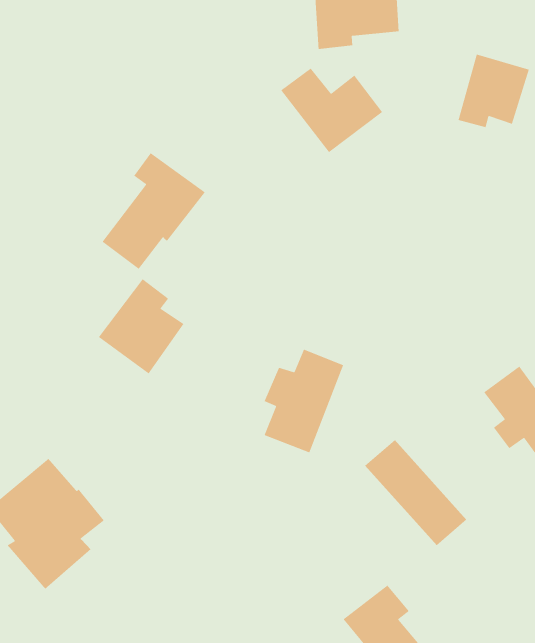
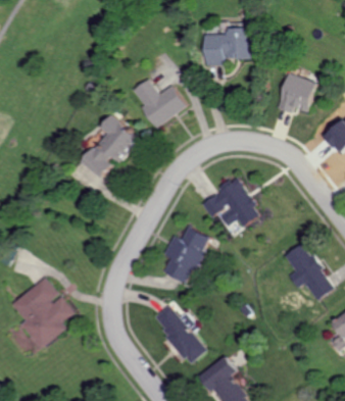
building: [280,68,383,153] -> [131,80,186,127]
building: none -> [199,178,259,225]
building: [98,278,184,375] -> none
building: [364,439,467,546] -> [151,305,205,364]

